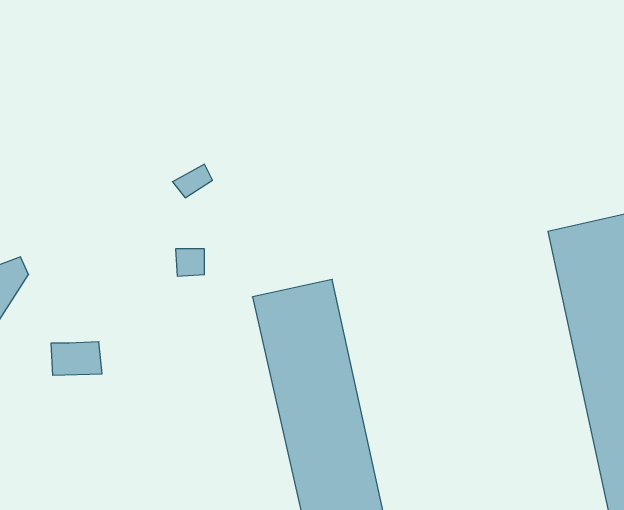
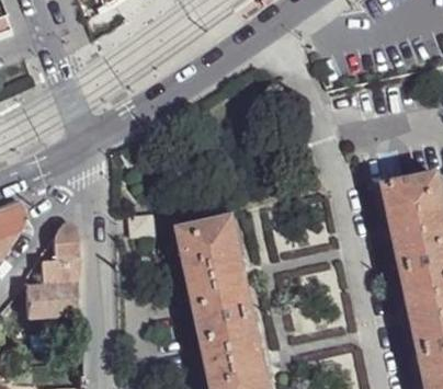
building: none -> [49,226,79,264]
building: none -> [22,285,77,318]

